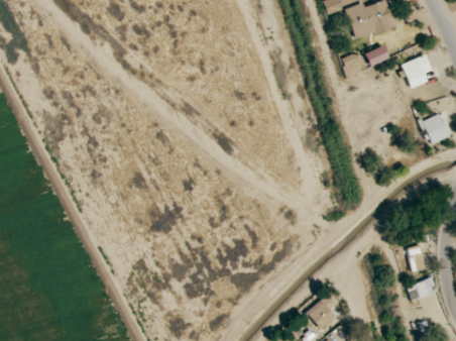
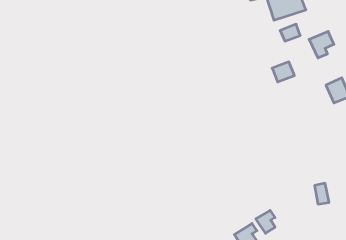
building: [340,52,368,78] -> [272,62,294,82]
building: [407,278,437,301] -> none
building: none -> [256,210,275,233]

